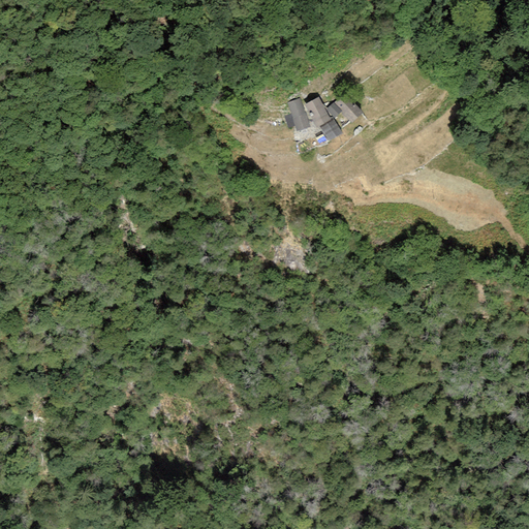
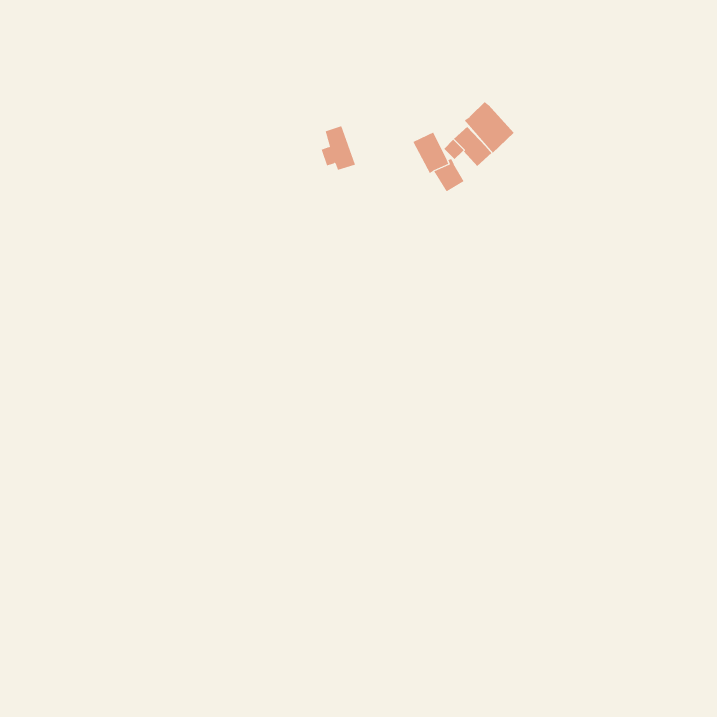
building: none -> [464,101,515,154]
building: [284,98,310,131] -> [321,126,356,170]

